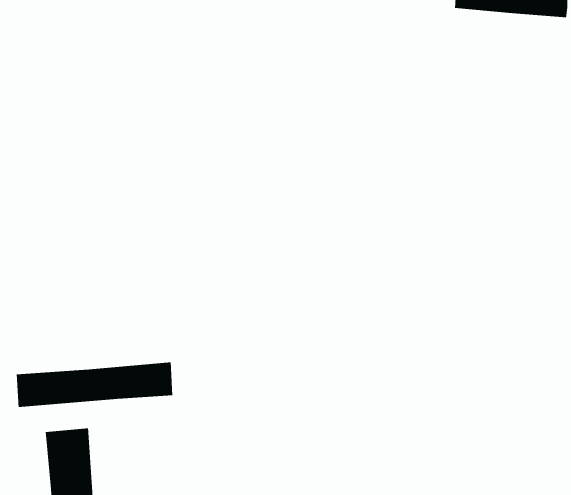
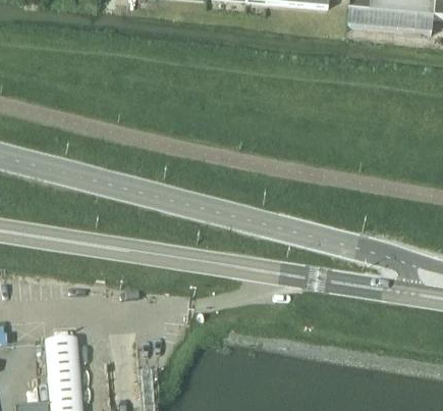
building: [16,362,173,408] -> none

